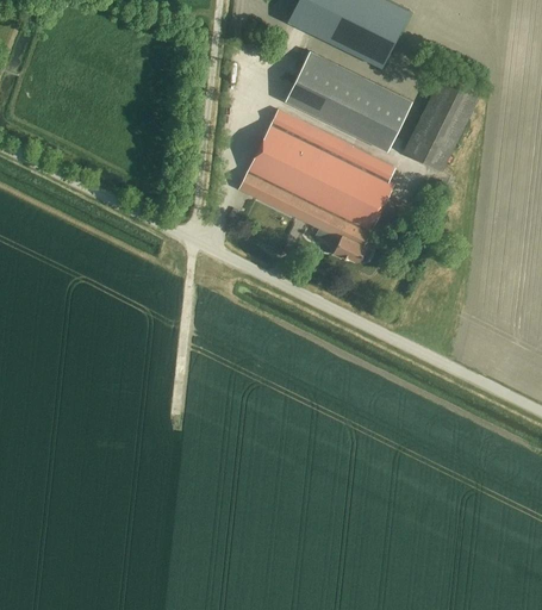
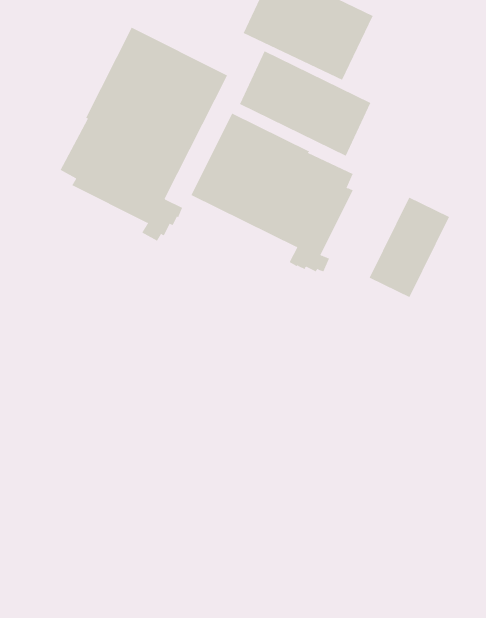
building: none -> [60,27,228,241]
building: [403,73,480,169] -> [369,197,450,298]

